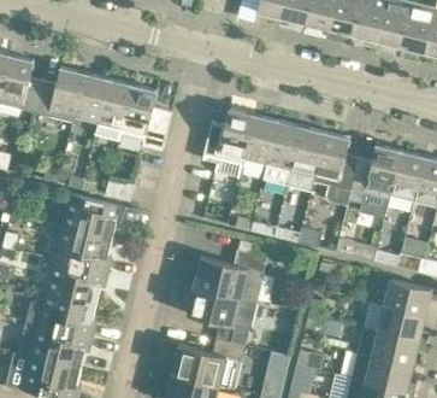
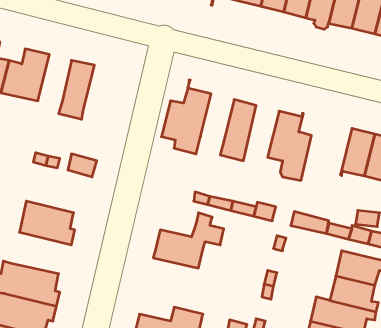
building: [73,74,108,123] -> none
building: [120,82,172,150] -> none
building: [243,115,278,164] -> none
building: [288,127,325,191] -> none
building: [349,142,401,217] -> none
building: [61,194,124,239] -> none
building: [46,259,108,303] -> none
building: [187,286,259,345] -> none

